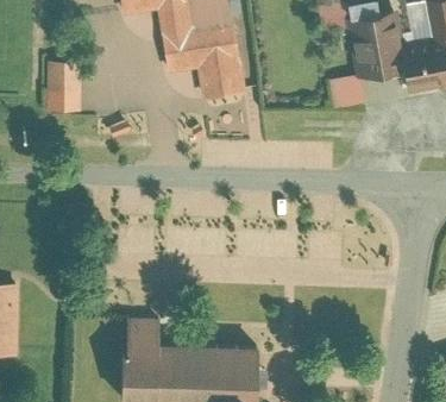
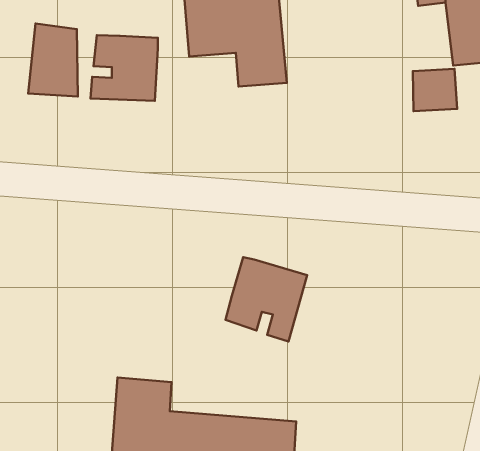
building: none -> [91,35,158,101]
building: none -> [225,257,307,341]

